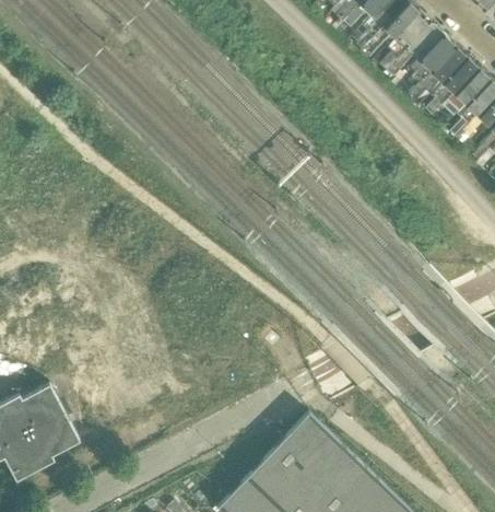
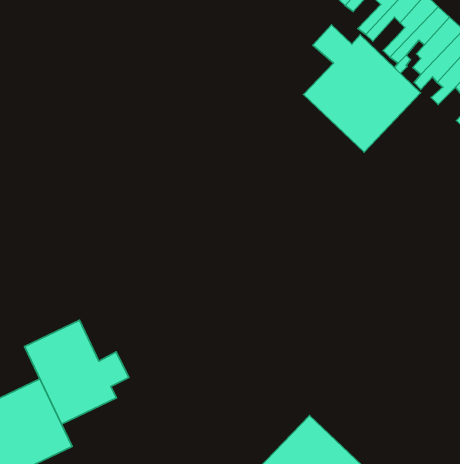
building: none -> [303,25,421,152]
building: none -> [25,320,129,424]

